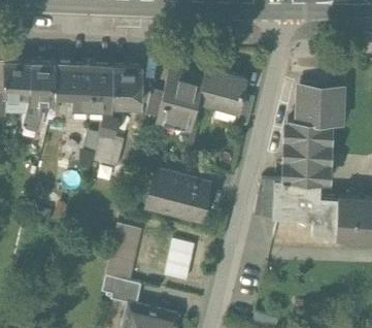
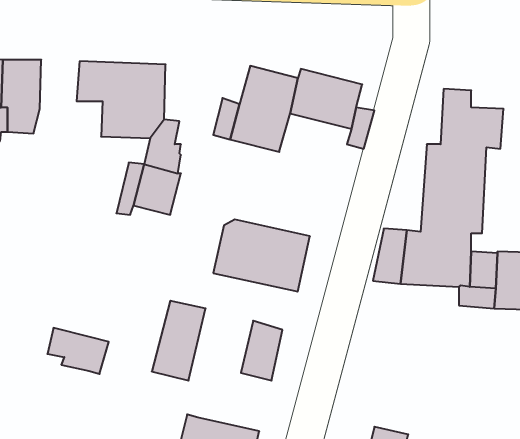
building: [23,65,56,128] -> none
building: [112,68,142,106] -> none
building: [100,274,141,305] -> [47,328,109,374]

